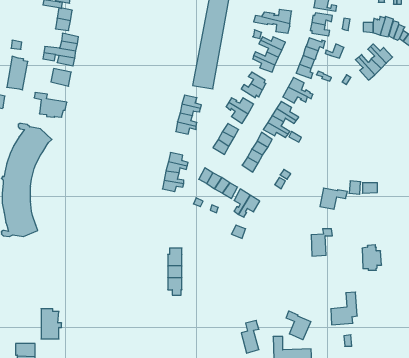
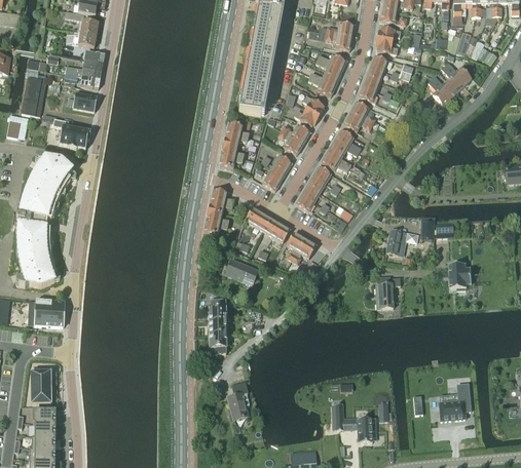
building: none -> [225,259,258,285]
building: [362,245,382,270] -> [449,260,472,289]
building: none -> [34,300,64,326]
building: [331,292,357,325] -> [439,383,470,421]
building: [41,309,62,339] -> [31,367,54,402]
building: [286,311,311,340] -> none
building: [241,320,259,353] -> [227,382,248,420]

